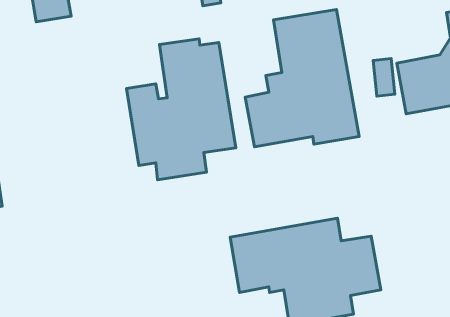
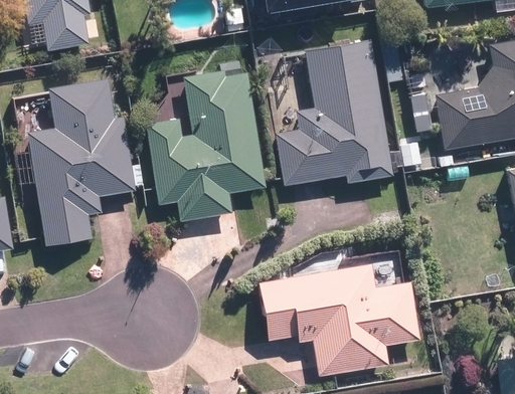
building: none -> [26,78,133,246]

